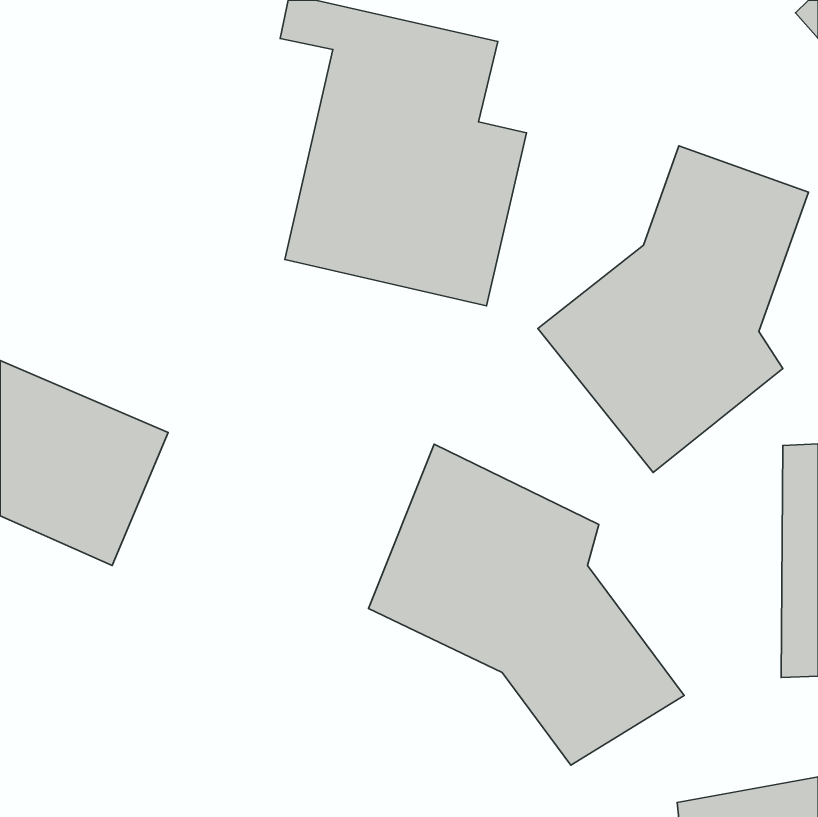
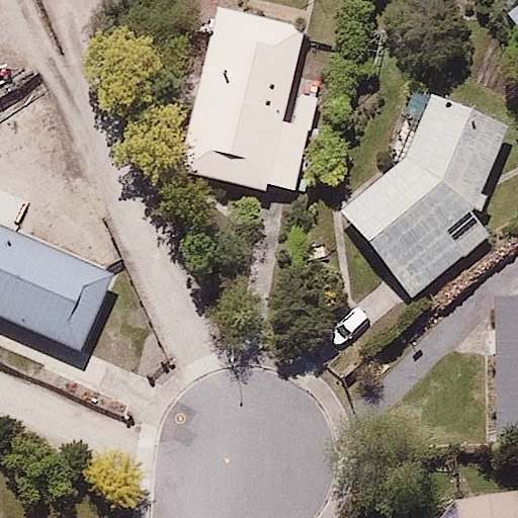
building: [369,444,684,765] -> none

